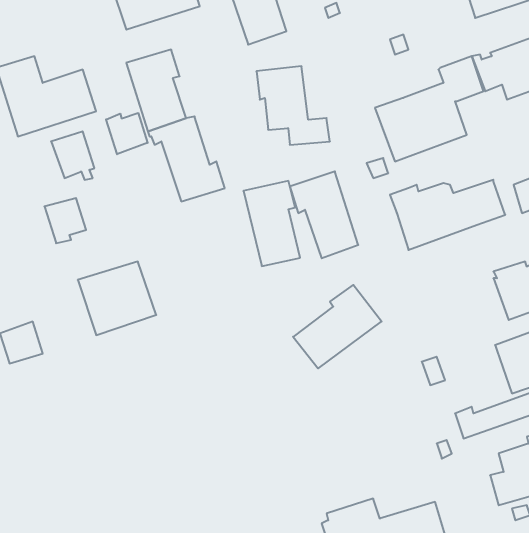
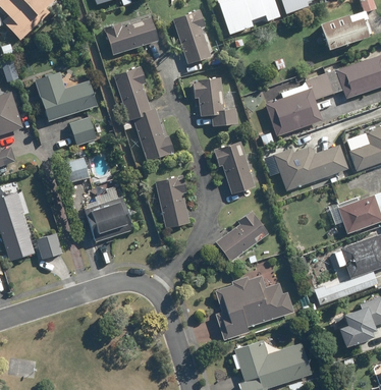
building: [106,113,148,154] -> none
building: [243,181,300,266] -> [156,176,190,228]
building: none -> [216,276,295,340]

